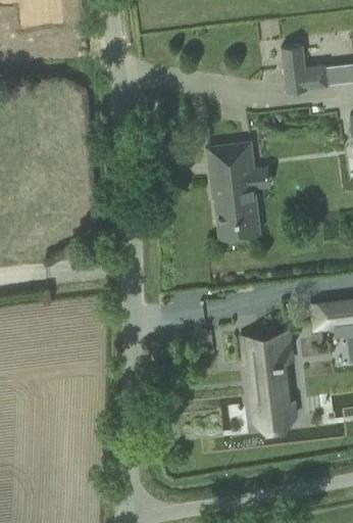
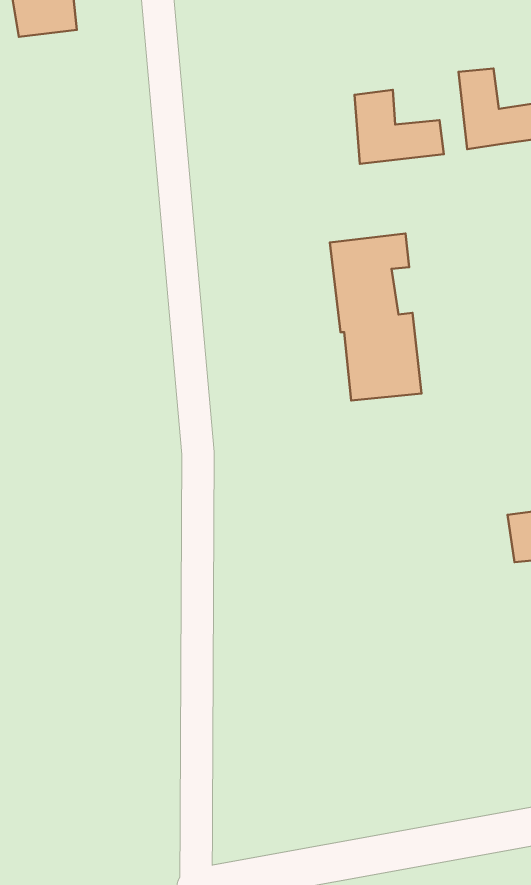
building: none -> [355,90,444,164]
building: [242,333,294,423] -> none

